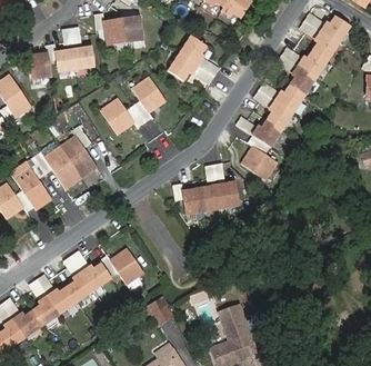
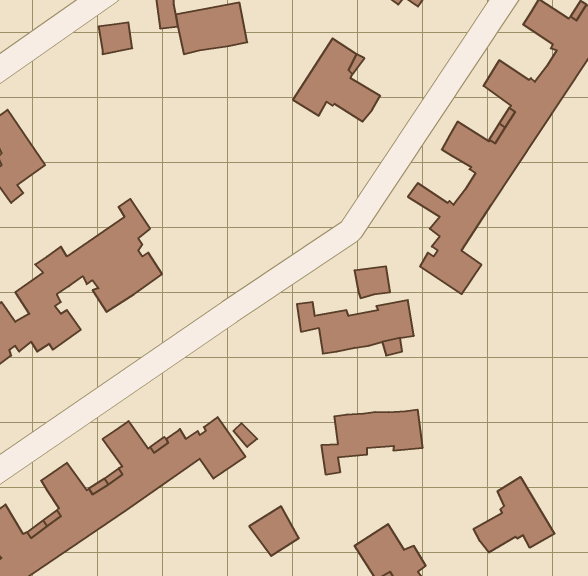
building: [30,43,96,78] -> none
building: [101,77,167,133] -> none
building: none -> [322,410,422,475]
building: none -> [474,477,555,553]

